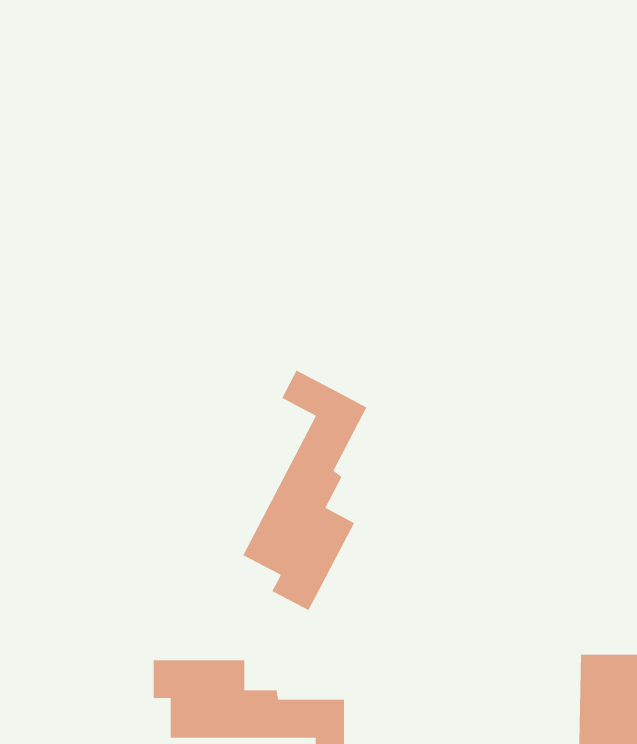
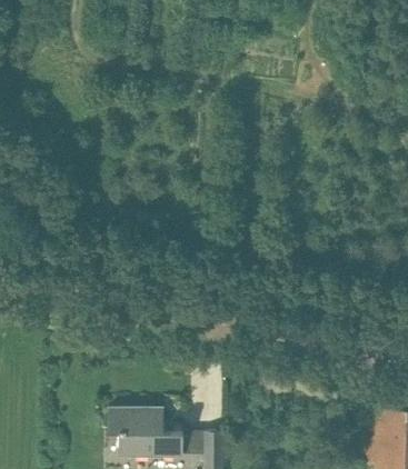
building: [242,369,368,611] -> none

